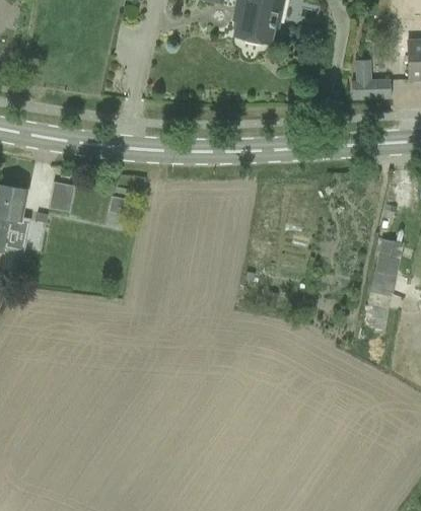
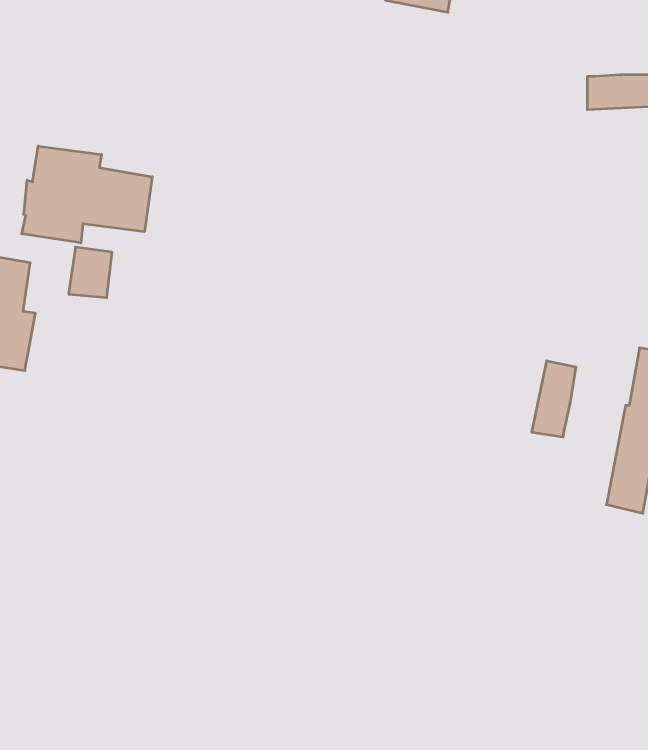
building: none -> [22,146,152,243]
building: none -> [532,361,576,437]

